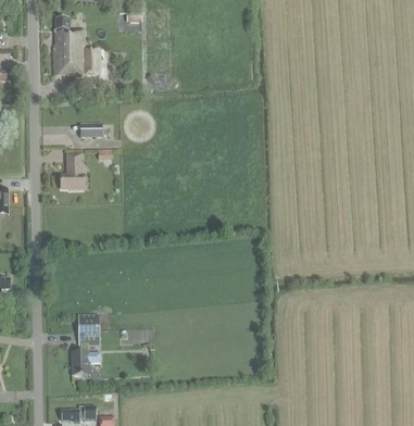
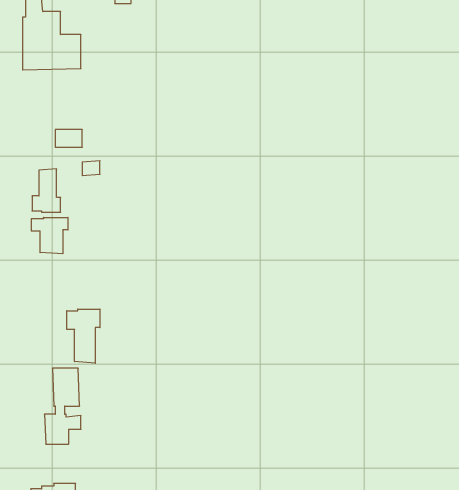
building: none -> [31,217,68,254]
building: none -> [67,309,100,363]

